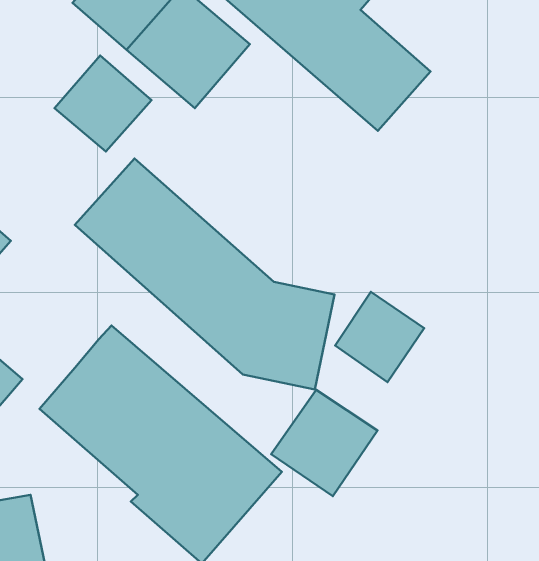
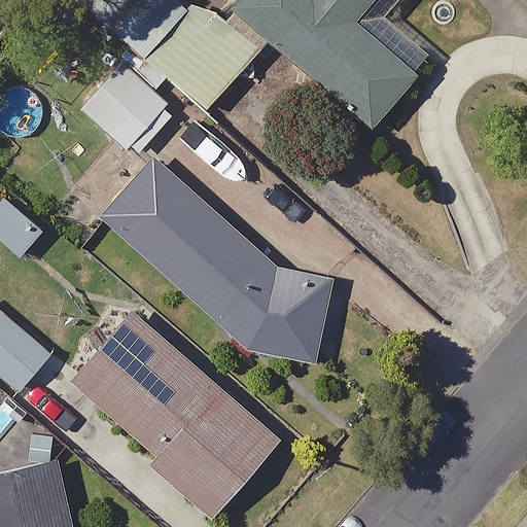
building: [335,292,424,382] -> none
building: [271,390,377,496] -> none

